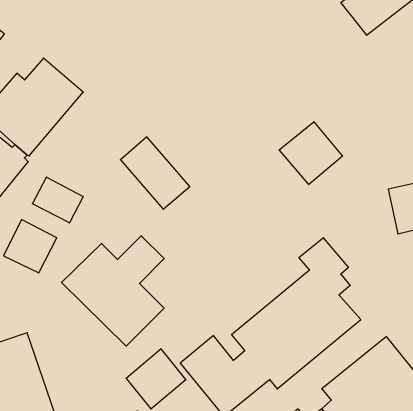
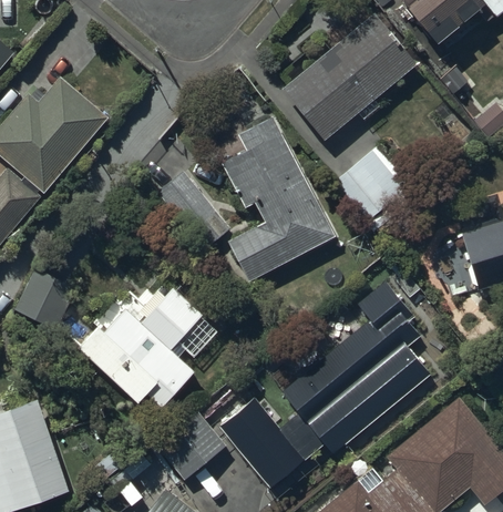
building: none -> [281,16,415,140]
building: none -> [217,117,330,280]
building: [32,177,83,223] -> none

